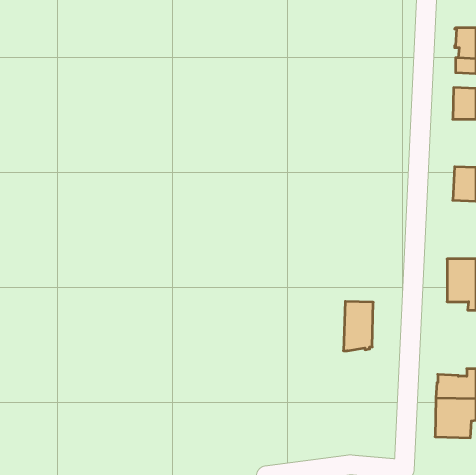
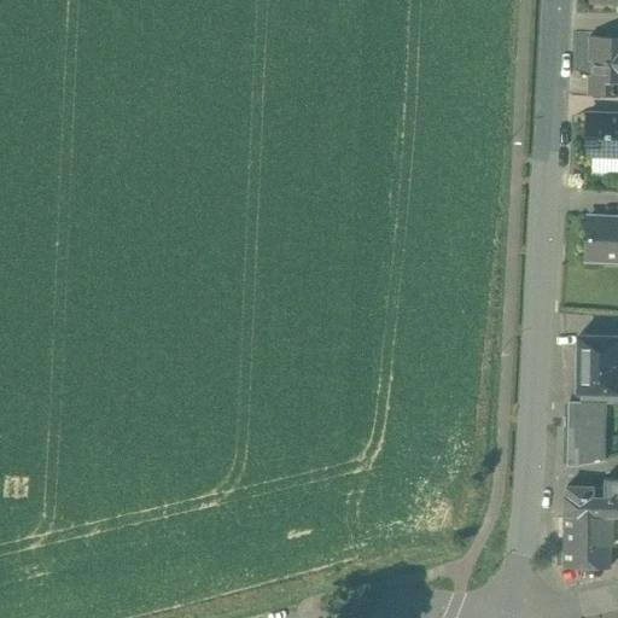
building: [343,301,373,351] -> [567,402,606,466]

